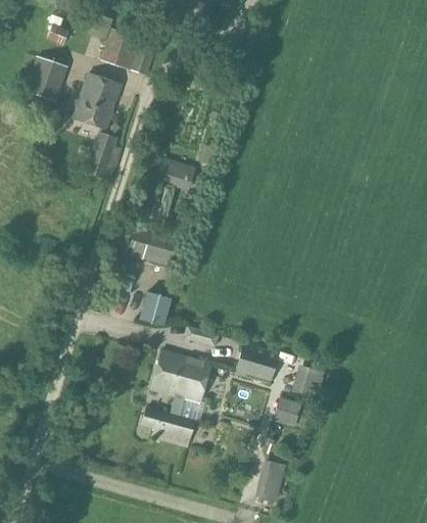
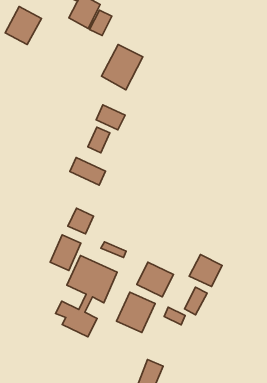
building: [74,75,121,129] -> [101,44,143,90]
building: [87,133,120,180] -> none
building: none -> [189,254,222,287]
building: none -> [50,235,81,271]
building: none -> [117,292,155,333]

